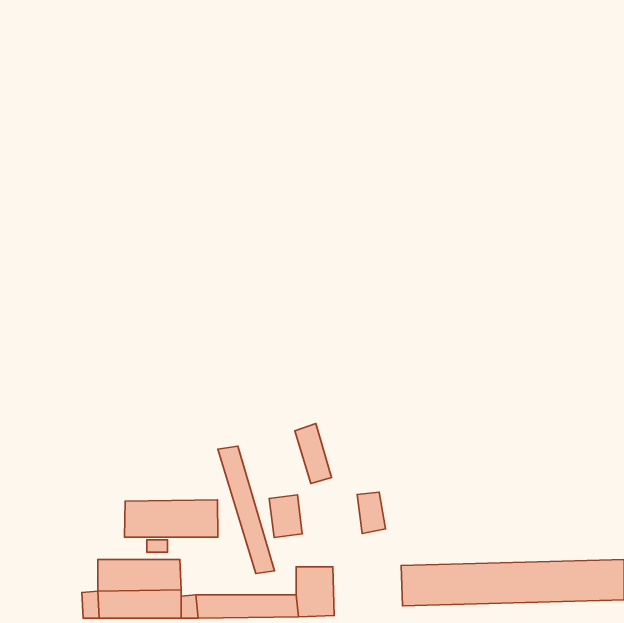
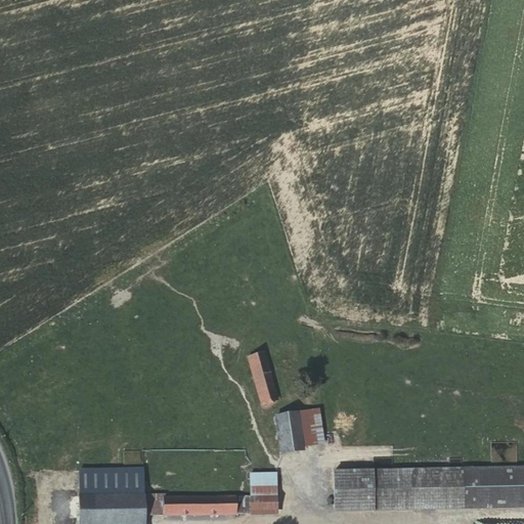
building: [218,446,275,574] -> none
building: [269,495,302,538] -> [275,413,303,449]
building: [124,500,218,537] -> none

